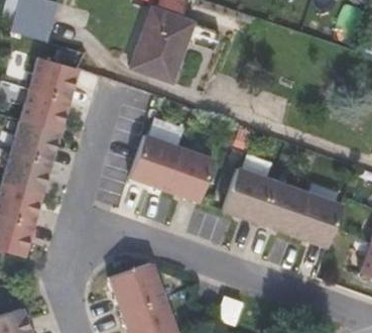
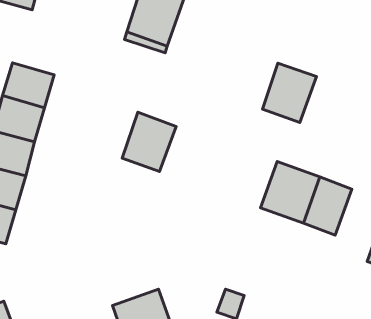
building: [30,57,78,100] -> none
building: [165,147,215,201] -> none
building: [224,168,273,222] -> [263,63,316,123]
building: [110,262,164,312] -> none

